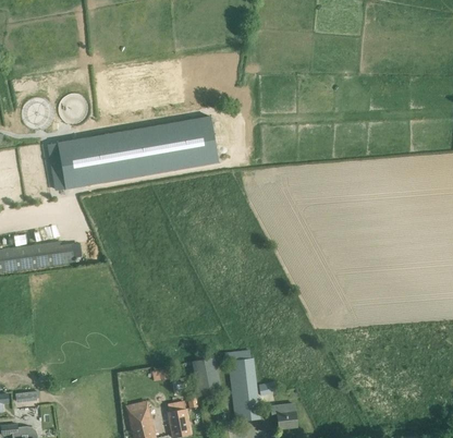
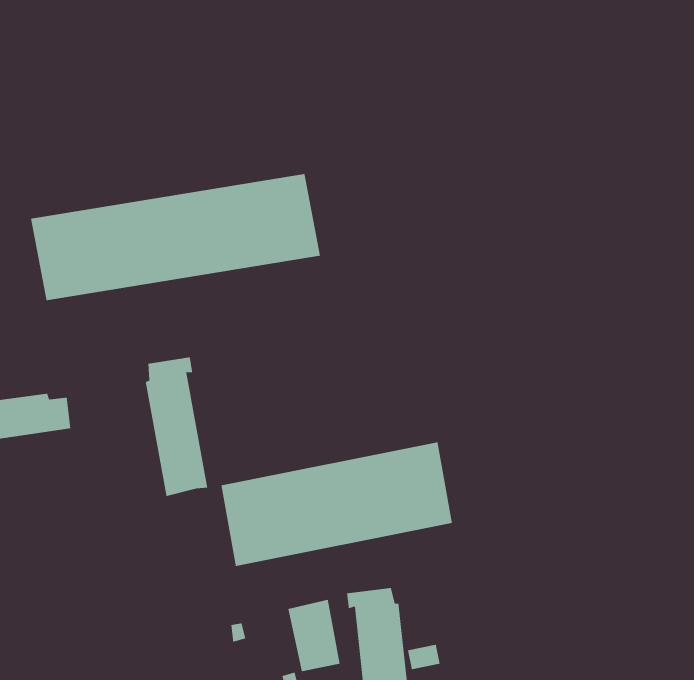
building: none -> [145,356,208,497]
building: none -> [221,441,453,567]

